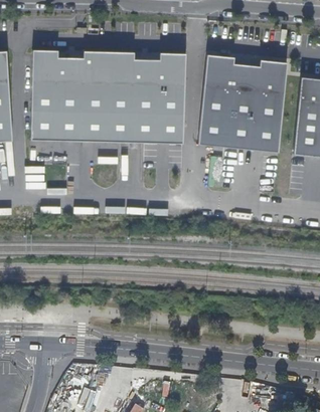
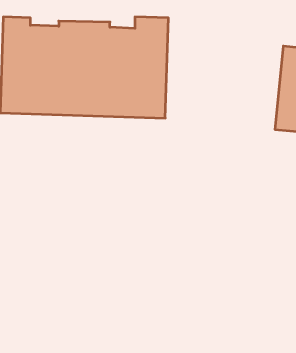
building: [197,52,287,151] -> none

